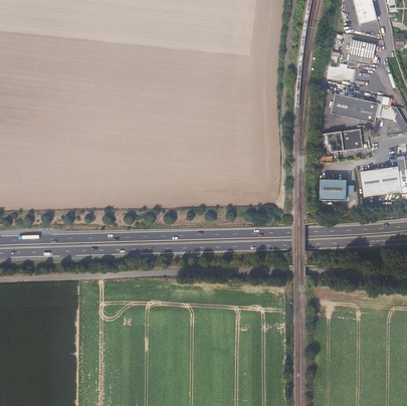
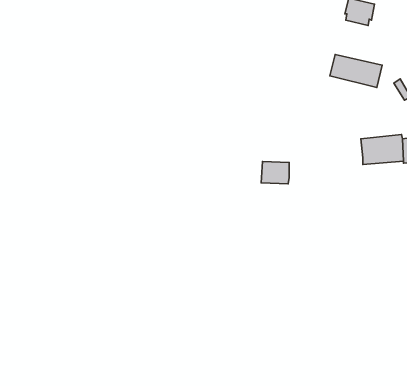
building: [326,127,366,152] -> none
building: [322,179,348,200] -> [261,161,289,184]

